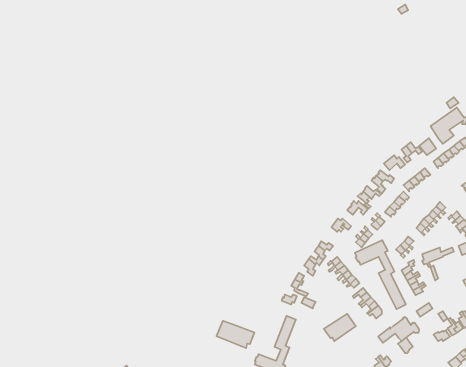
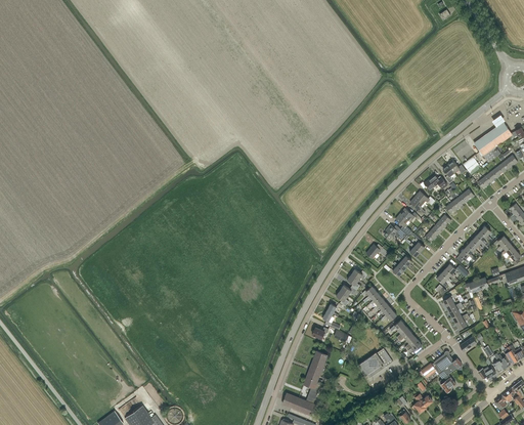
building: [355,240,406,309] -> none
building: [217,321,255,348] -> none

